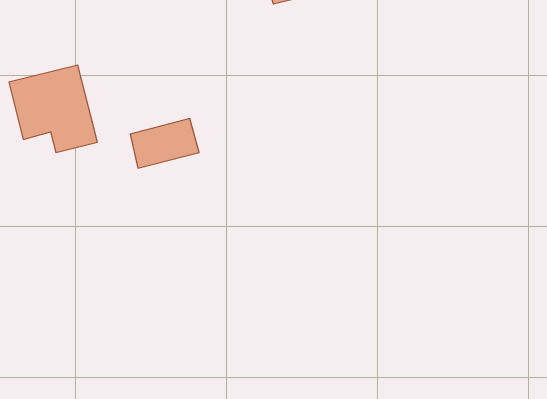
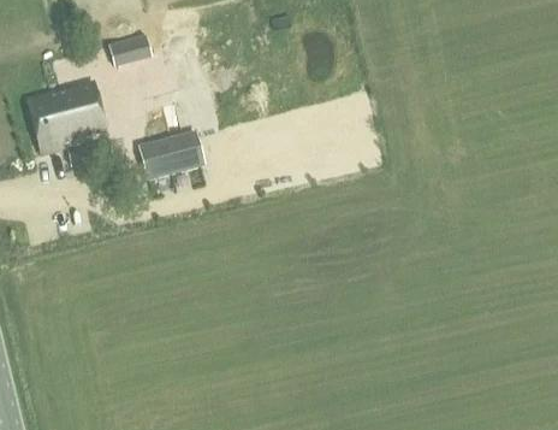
building: none -> [106,34,149,64]

